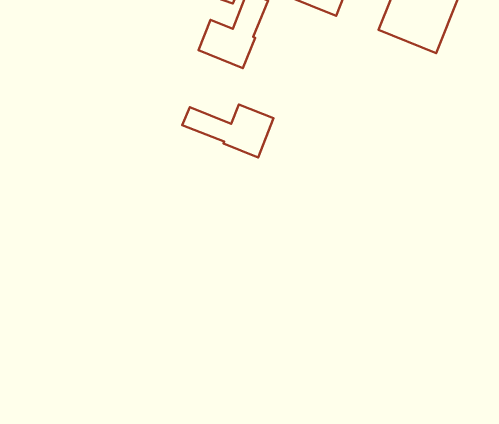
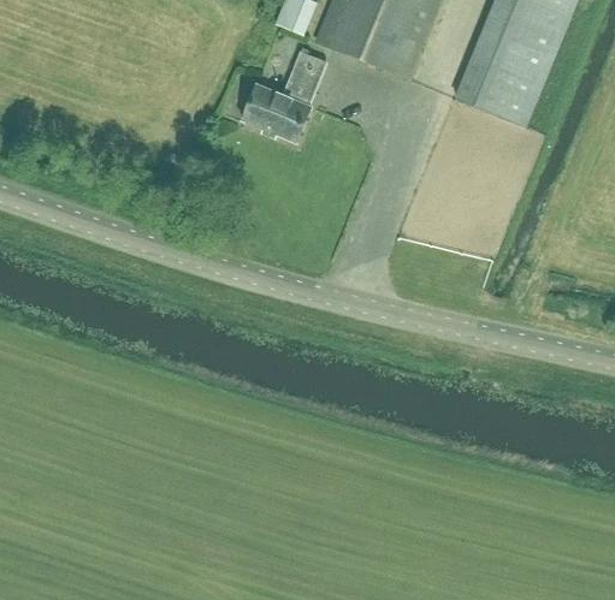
building: [182,104,273,157] -> none

